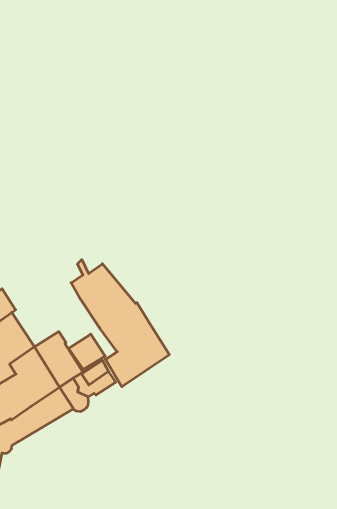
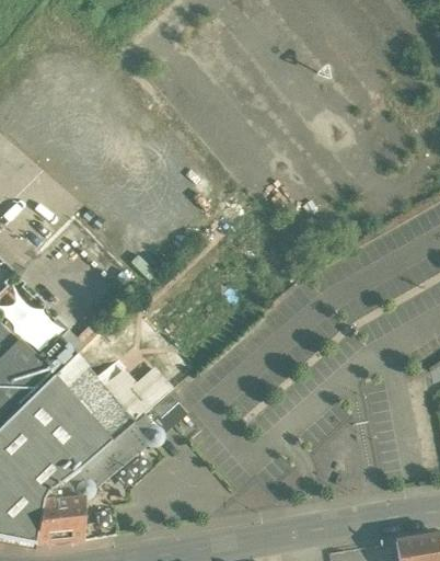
building: [71,260,169,387] -> none

